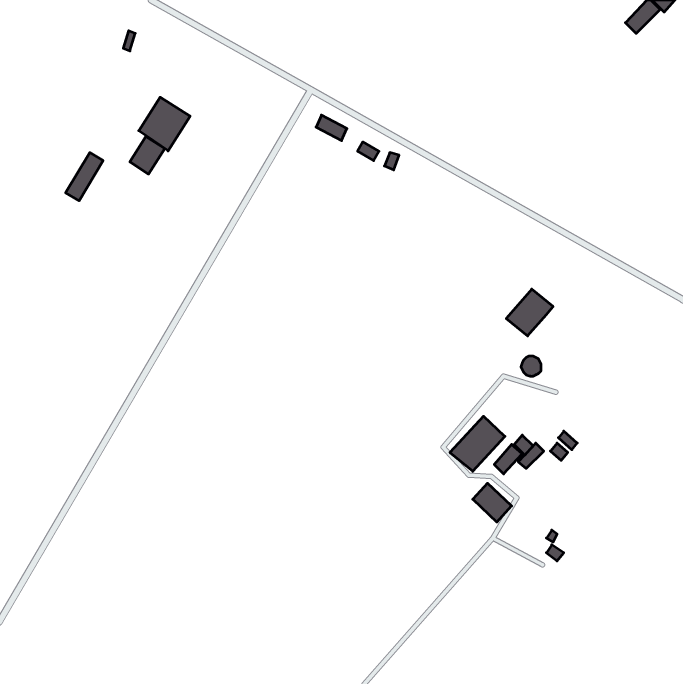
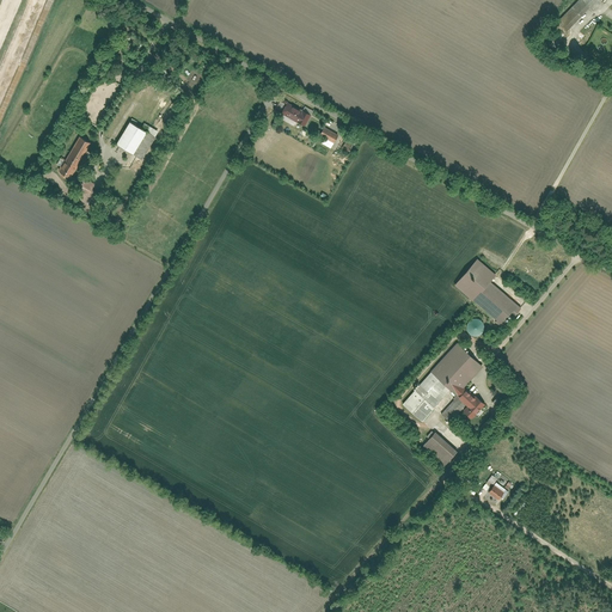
building: [139,97,190,151] -> none
building: none -> [471,281,520,323]
building: none -> [432,343,482,394]

